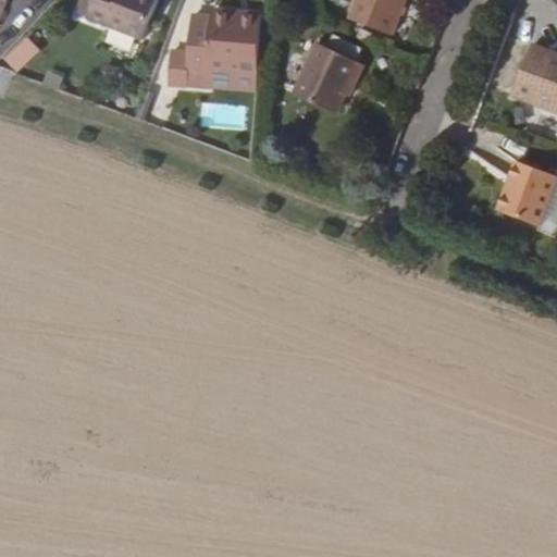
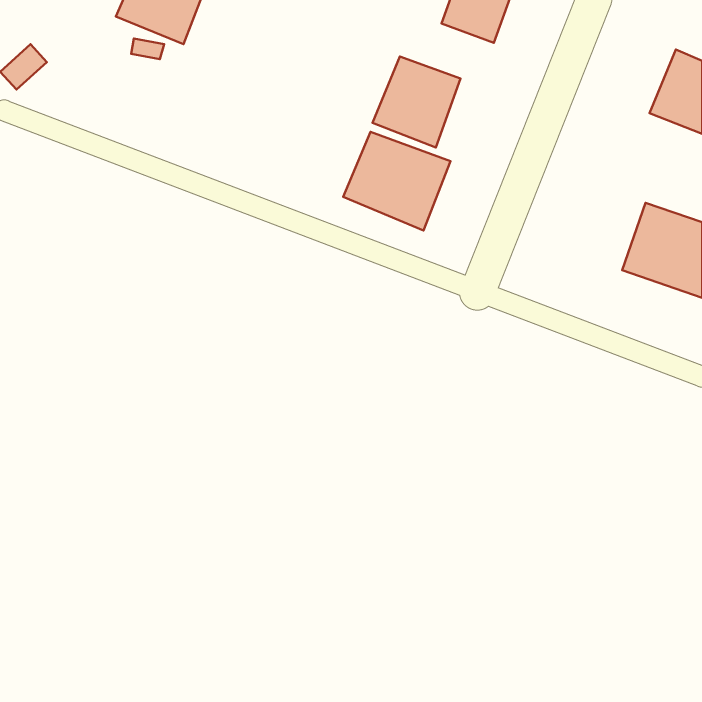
building: [185,10,261,76] -> none
building: none -> [343,132,451,230]

